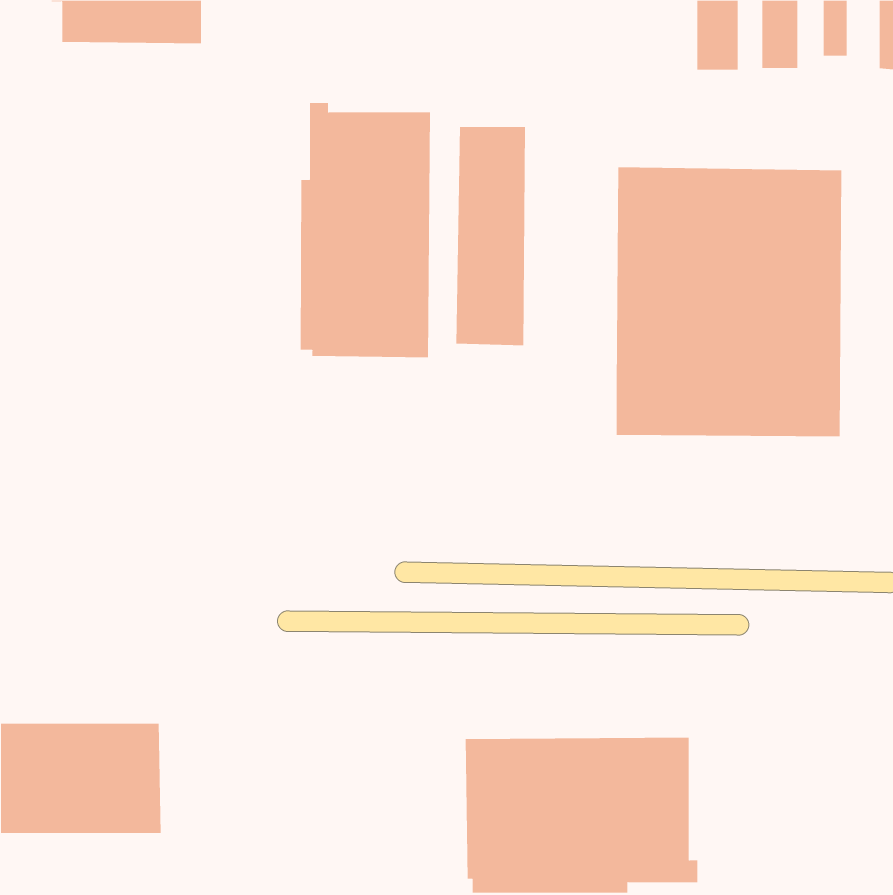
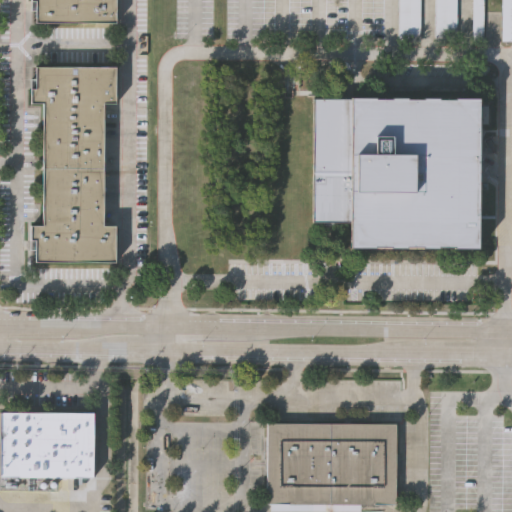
building: [300,102,430,358] -> none
building: none -> [30,67,117,265]
building: [456,126,526,346] -> [314,96,354,221]

